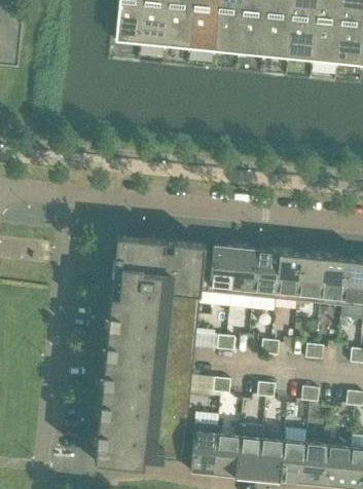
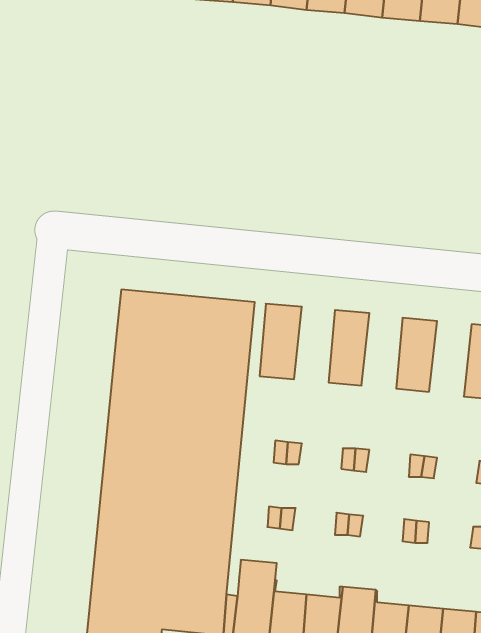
building: [230,248,257,297] -> none
building: [275,252,301,301] -> none
building: [319,257,347,306] -> none

